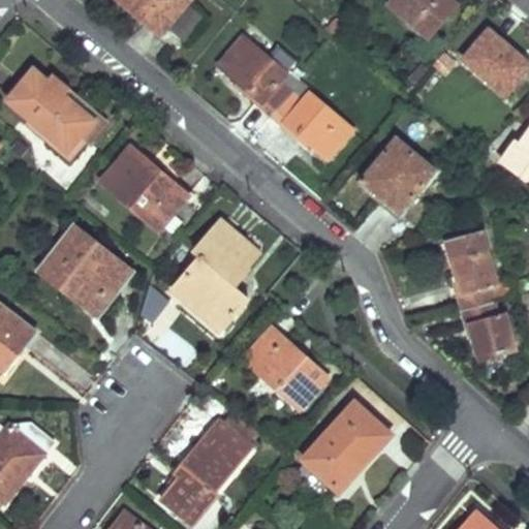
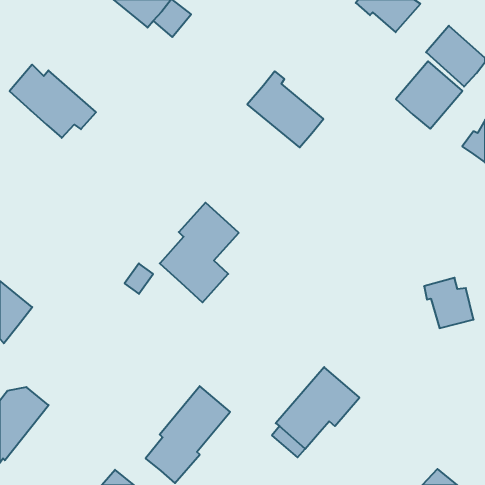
building: [217,36,286,114] -> none
building: [361,139,433,213] -> [396,61,462,129]
building: [102,147,188,229] -> none
building: [41,228,129,313] -> none
building: [446,234,497,311] -> none
building: [244,328,328,408] -> none

